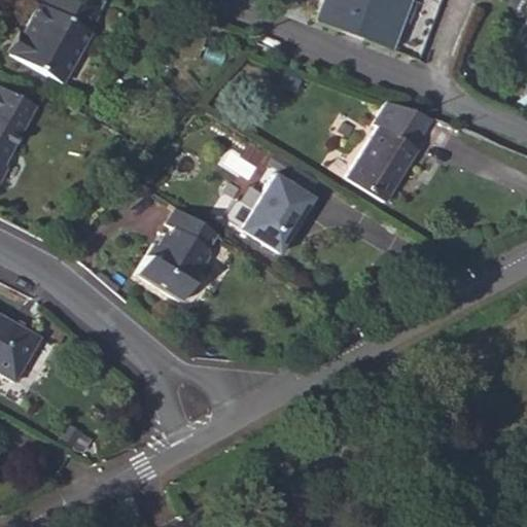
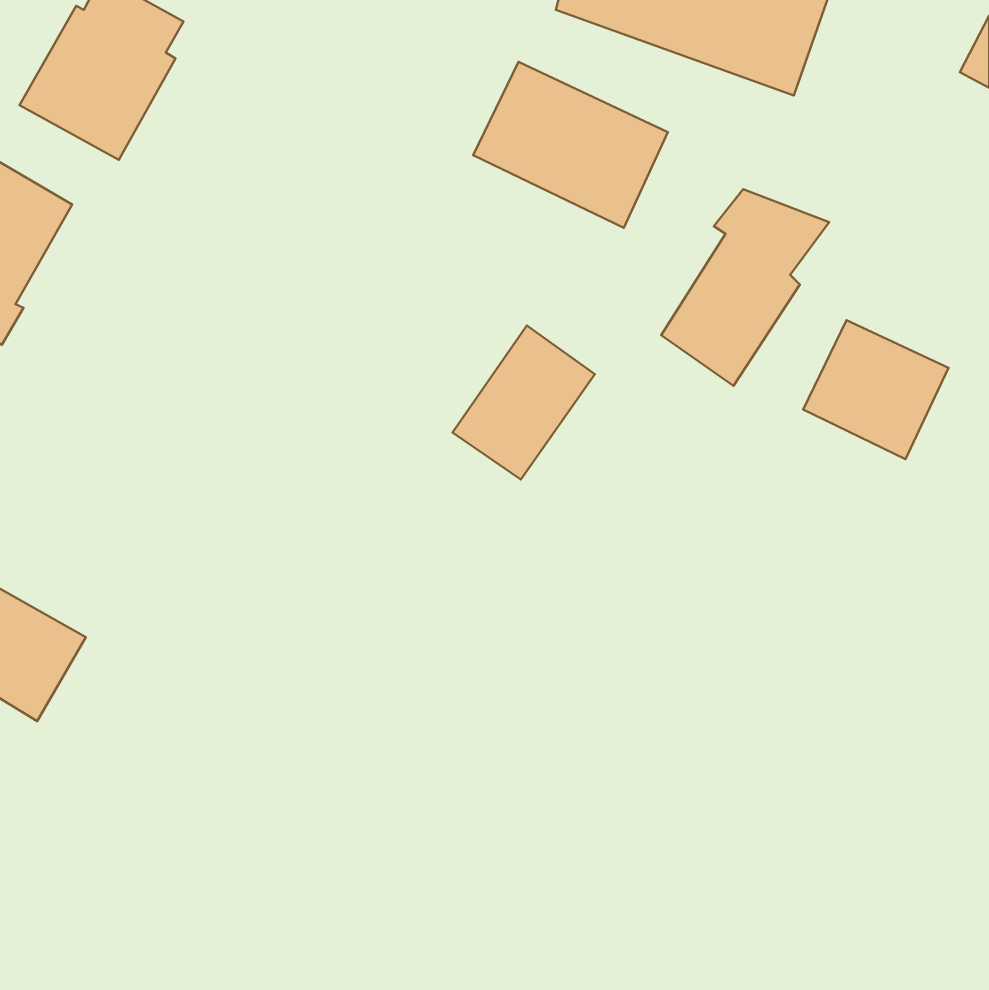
building: none -> [473,62,668,228]
building: none -> [803,320,948,459]
building: [134,206,216,297] -> none

